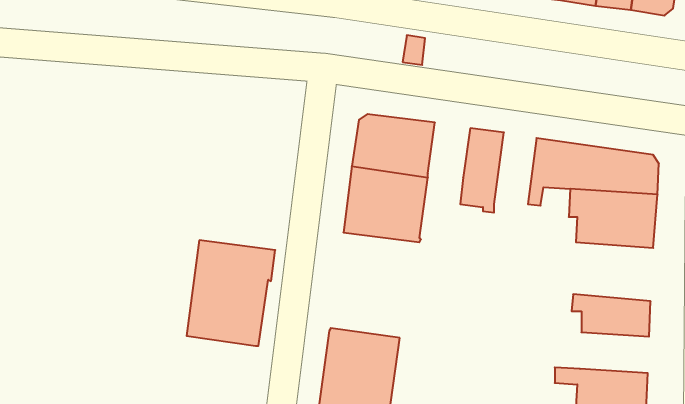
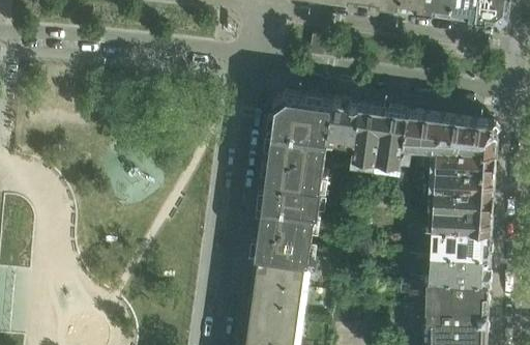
building: none -> [326,104,357,144]
building: none -> [375,111,406,173]
building: [187,240,275,346] -> [255,184,320,262]
building: none -> [426,191,492,235]
building: none -> [431,258,489,288]

